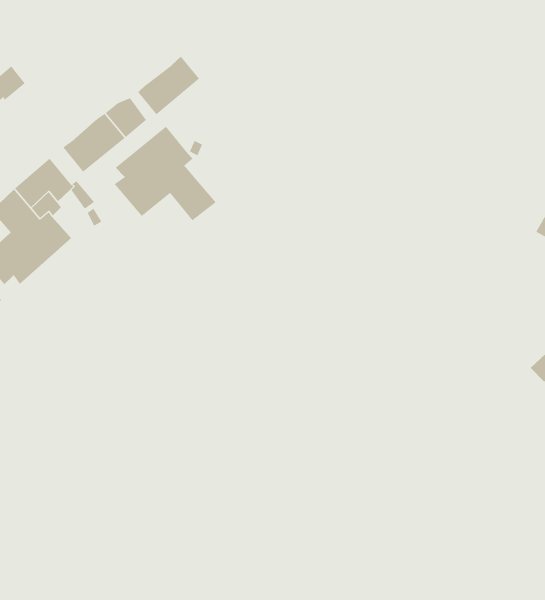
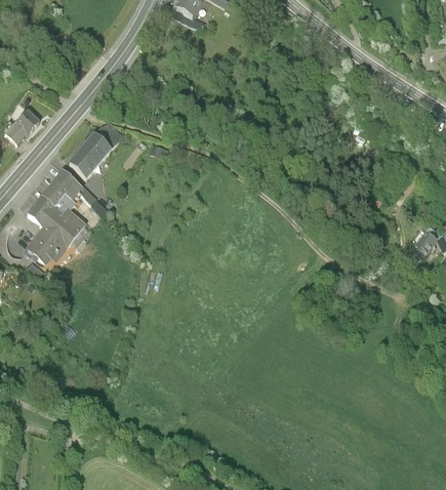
building: [137,56,200,115] -> none
building: [114,126,217,221] -> none

